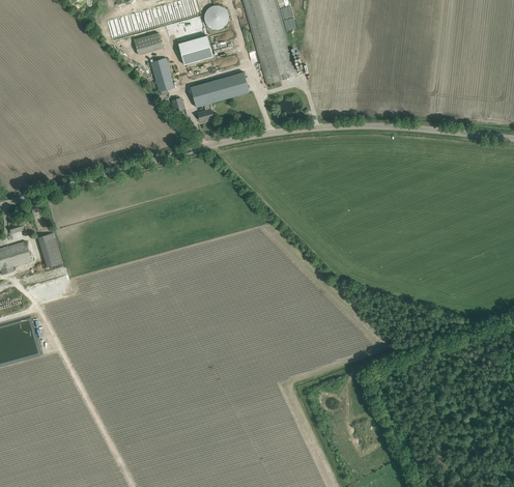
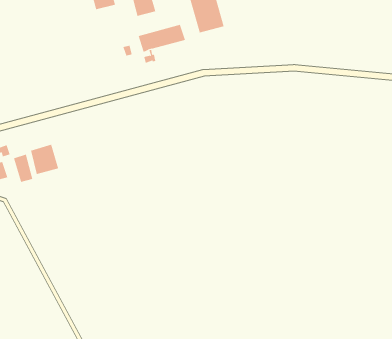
building: [149,58,174,92] -> none
building: none -> [31,144,59,175]

